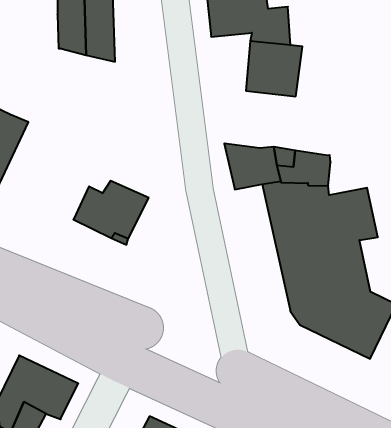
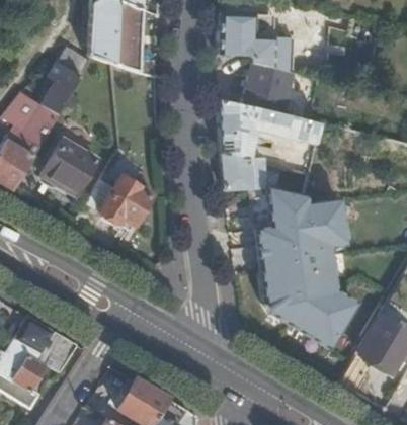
building: none -> [40,48,87,114]
building: none -> [220,100,324,157]
building: none -> [43,141,96,193]

